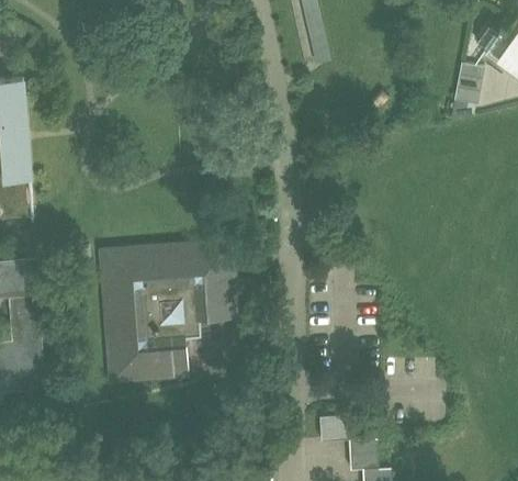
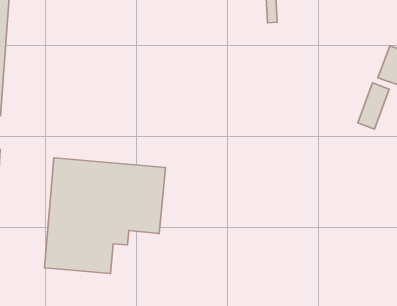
building: none -> [358,83,389,129]

